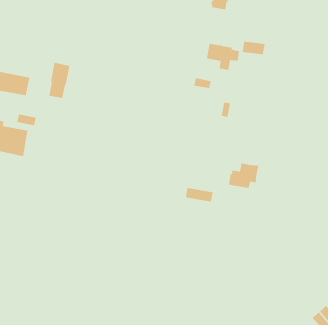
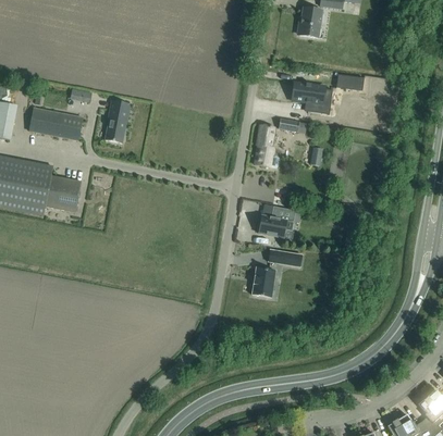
building: none -> [254,124,279,167]
building: [228,163,259,188] -> [258,207,295,237]
building: none -> [251,266,275,297]

